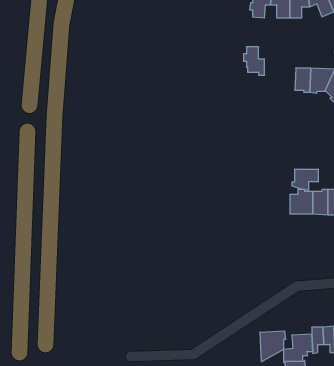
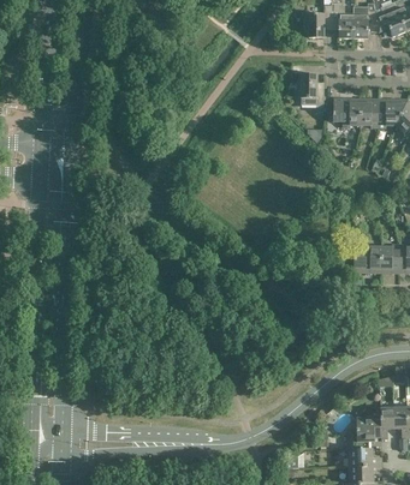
building: none -> [333,98,361,127]
building: [292,169,318,190] -> none
building: [260,331,286,362] -> none

